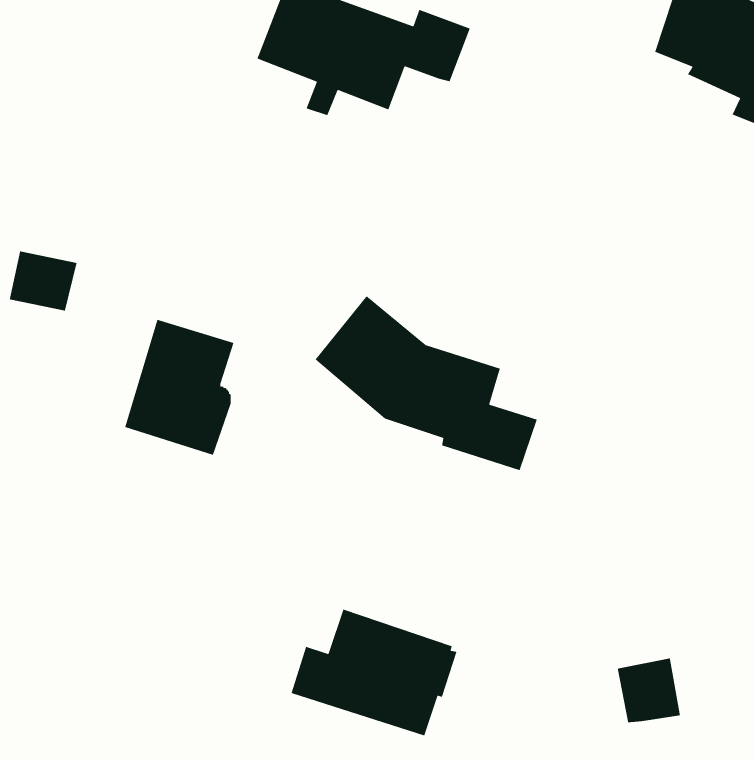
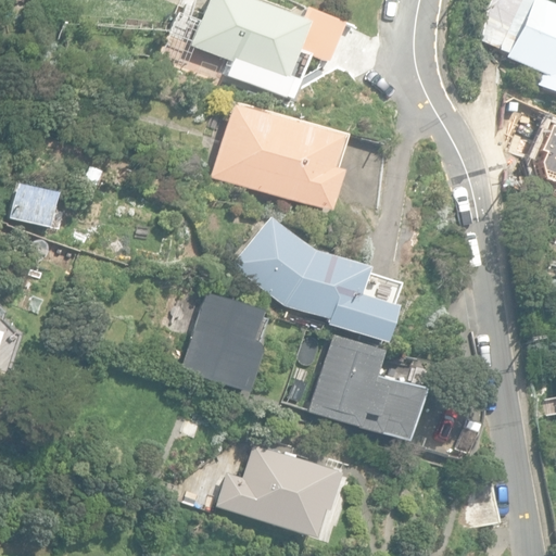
building: none -> [213,104,343,210]
building: [124,319,234,456] -> [184,291,264,391]
building: none -> [308,333,421,438]

